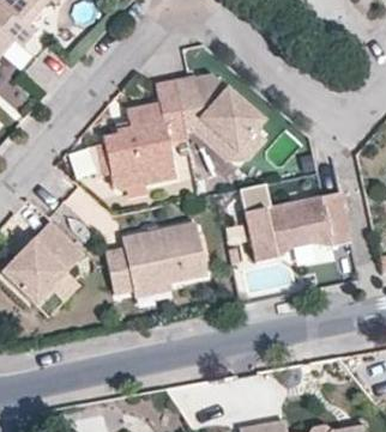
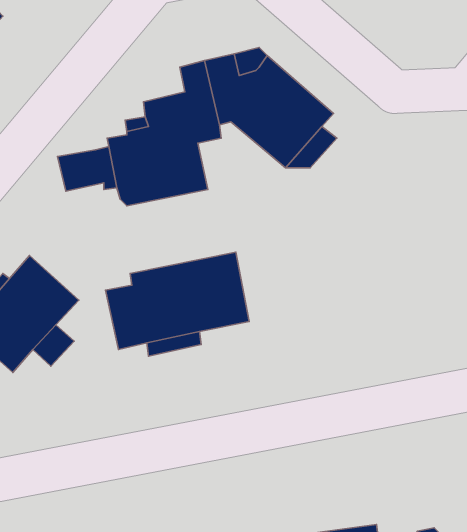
building: [242,184,348,262] -> none

